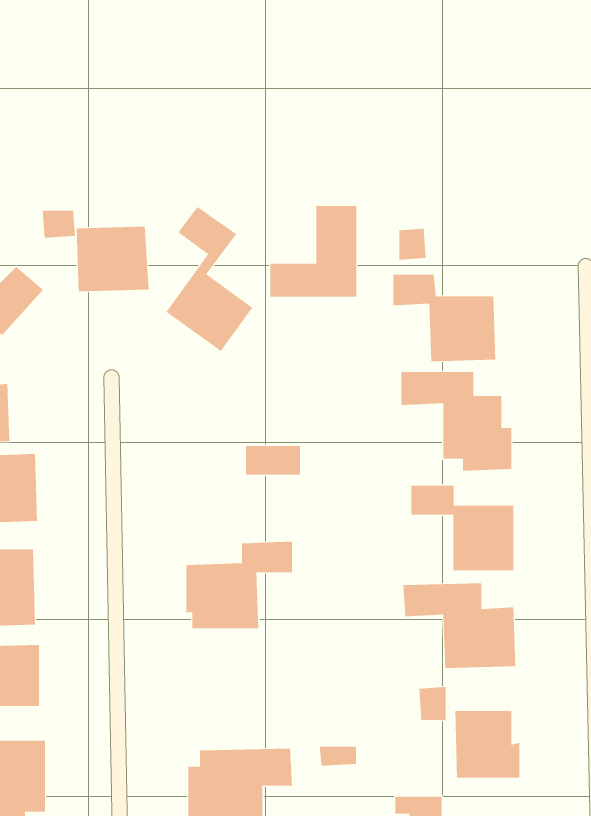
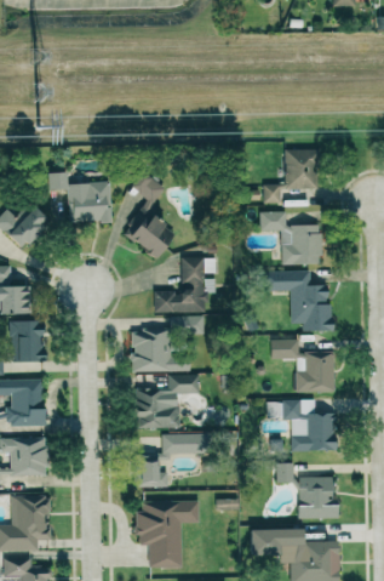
building: none -> [285,149,317,188]
building: [270,205,357,297] -> [154,256,207,312]
building: none -> [131,329,190,371]
building: none -> [139,433,211,486]

